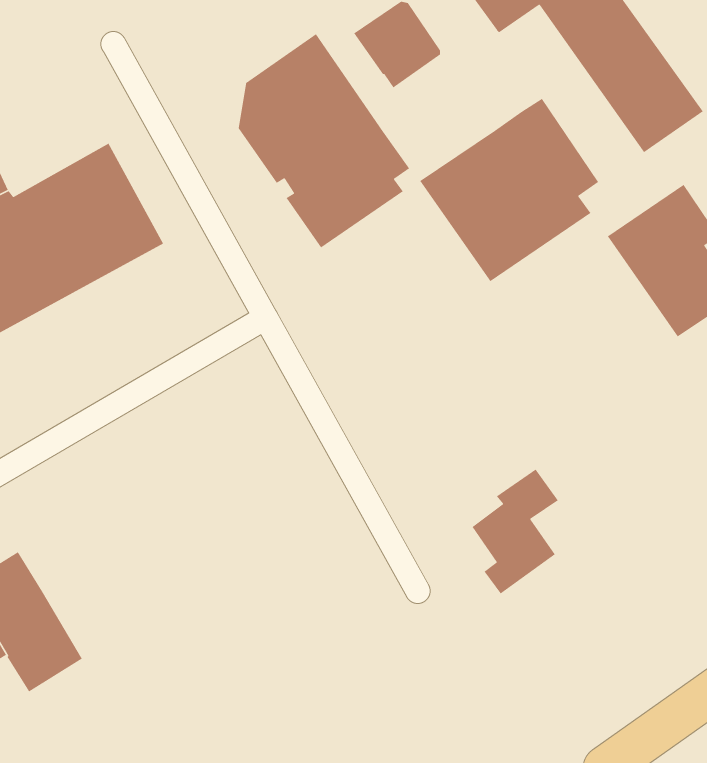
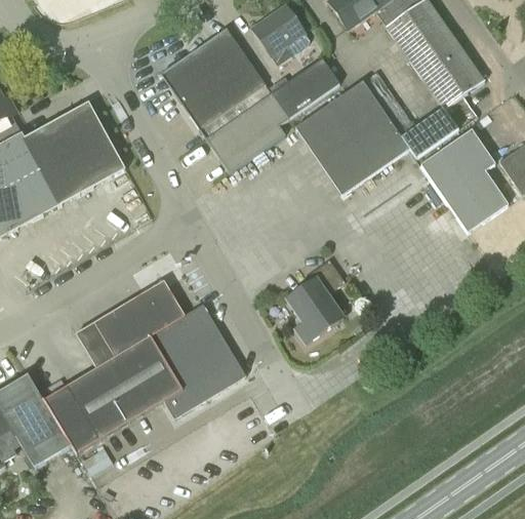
building: none -> [271,57,338,118]
building: none -> [401,108,457,157]
building: none -> [53,280,245,447]
building: [471,468,559,594] -> [286,258,345,343]

